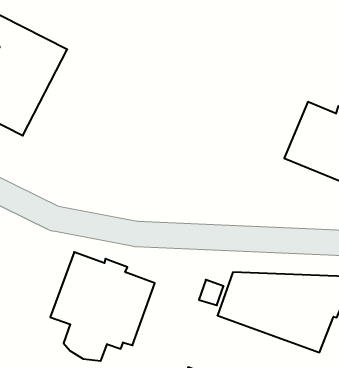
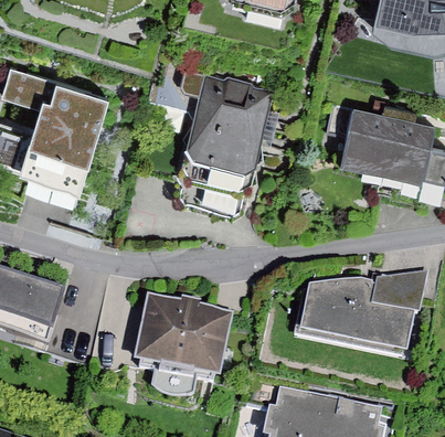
building: none -> [181,74,273,193]

